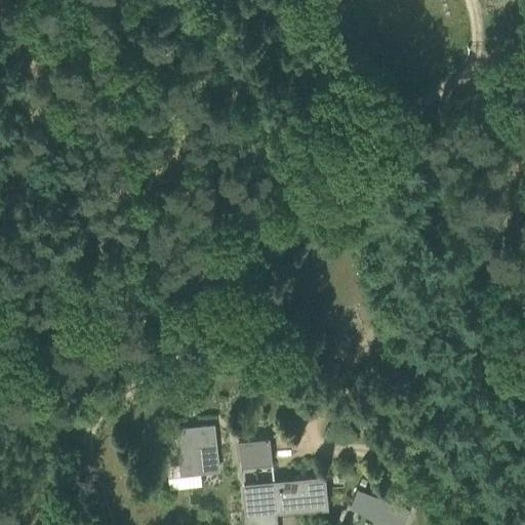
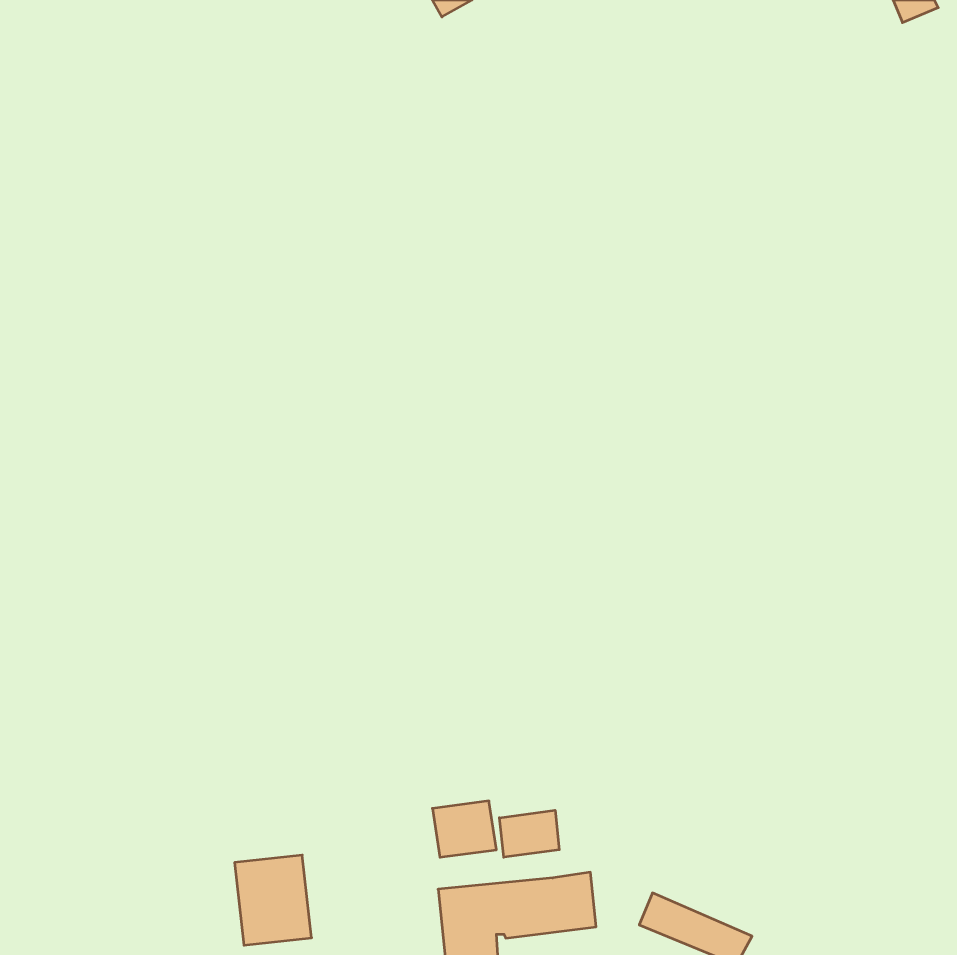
building: [177,428,219,477] -> [235,855,312,945]
building: none -> [499,810,559,857]

